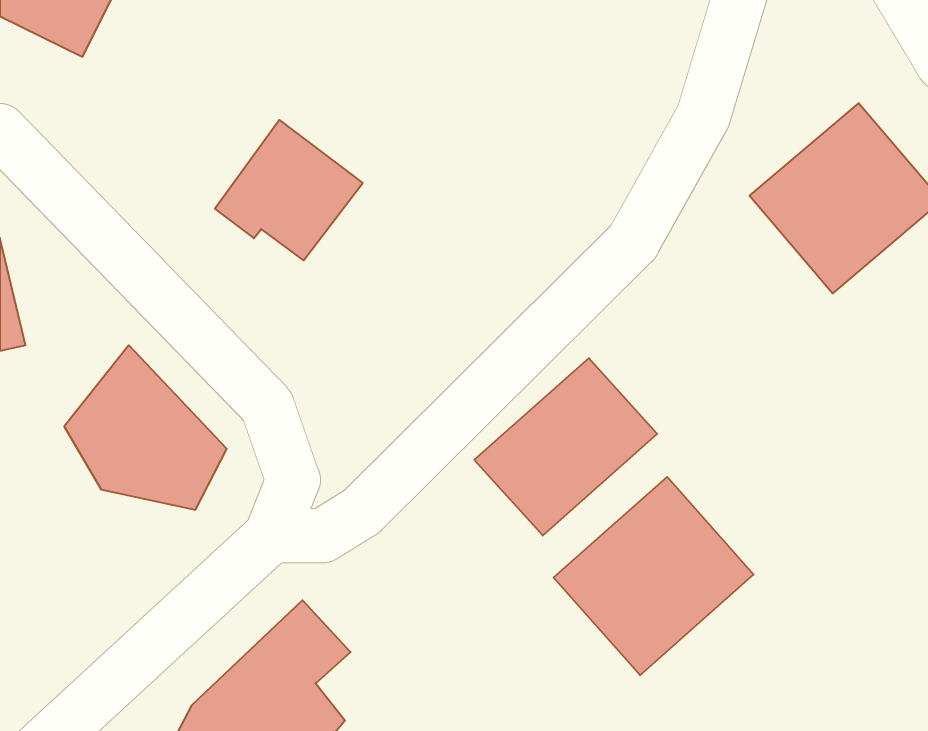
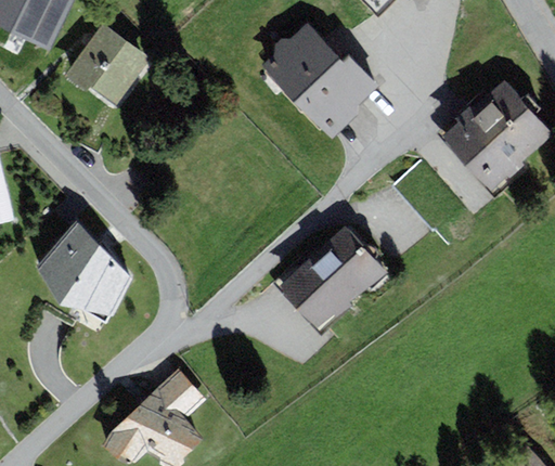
building: none -> [263,26,376,133]
building: [215,120,363,260] -> [64,23,151,105]
building: [554,477,754,675] -> none

